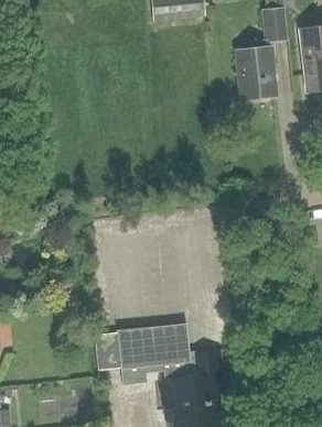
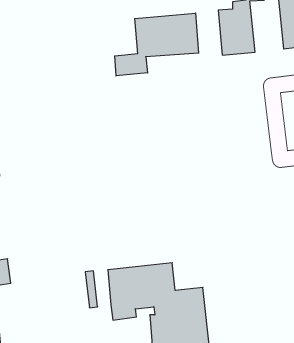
building: none -> [115,13,199,76]

